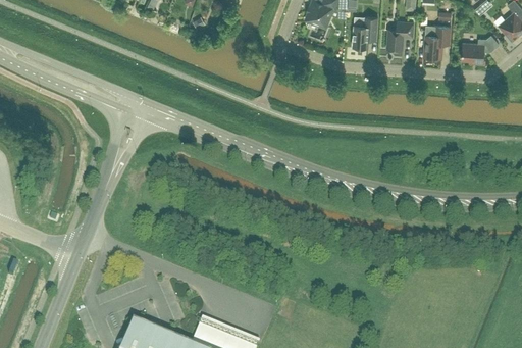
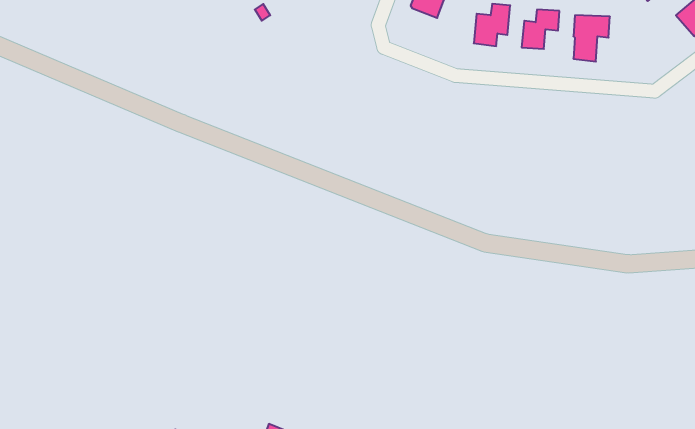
building: [462,35,499,63] -> none

